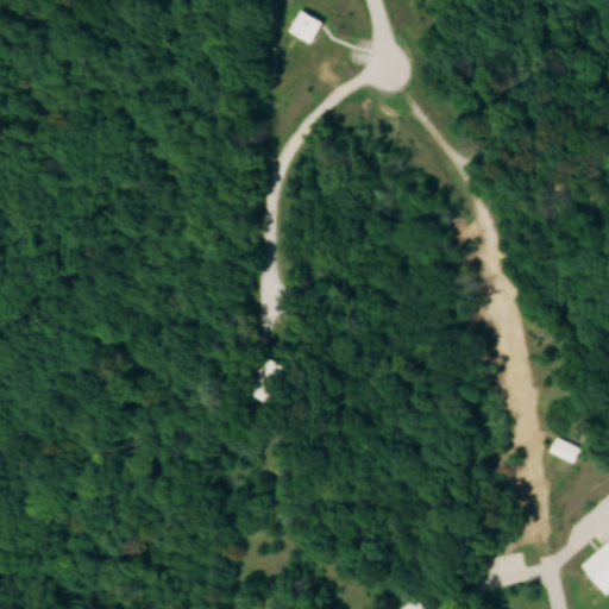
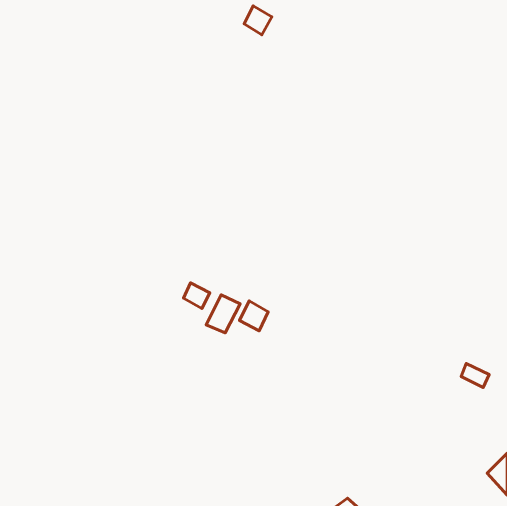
building: none -> [183,283,210,309]
building: none -> [239,301,268,331]

